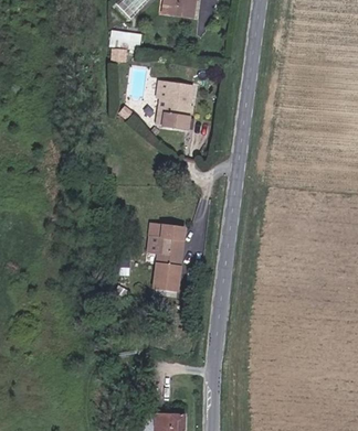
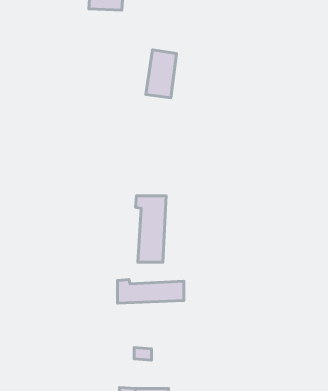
building: none -> [118,280,184,303]

